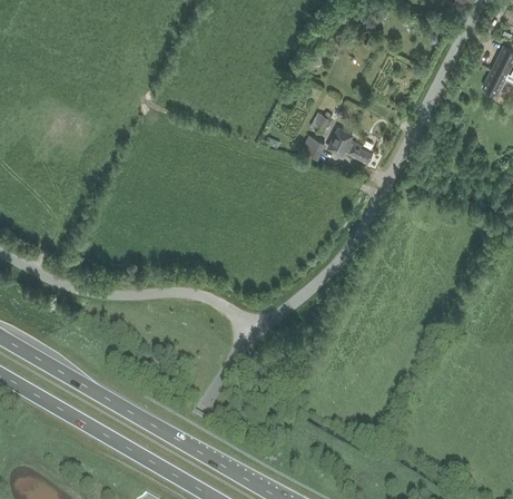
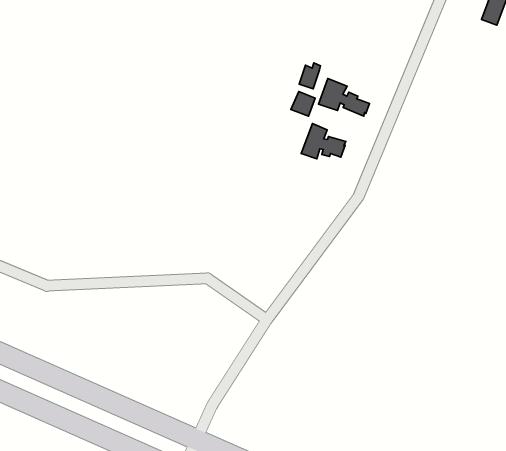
building: none -> [301,124,346,159]

